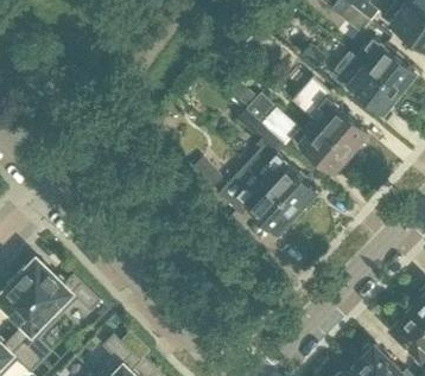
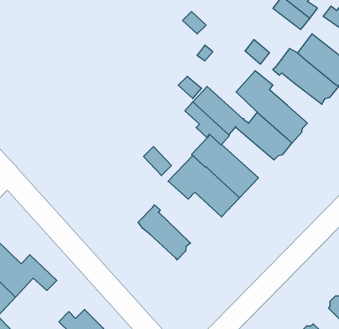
building: none -> [138,205,191,260]

